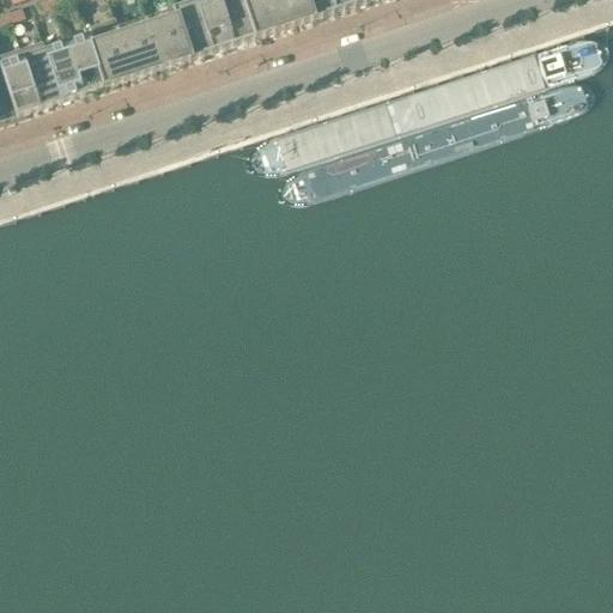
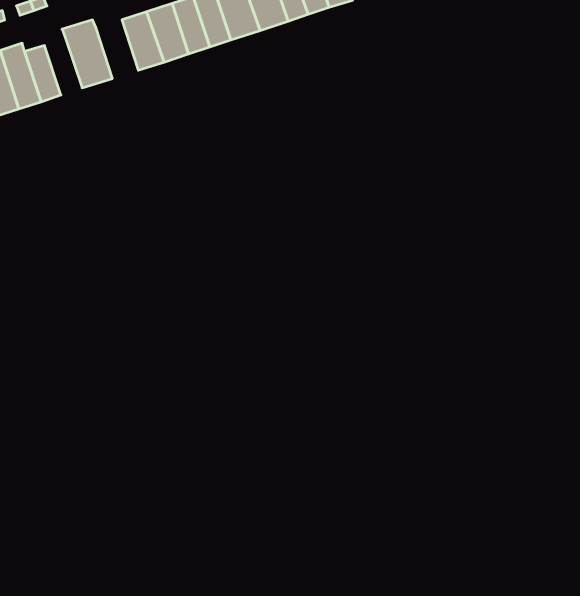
building: [98,20,141,80] -> none
building: [45,40,84,97] -> none

